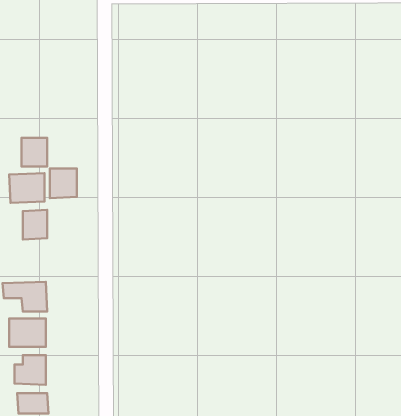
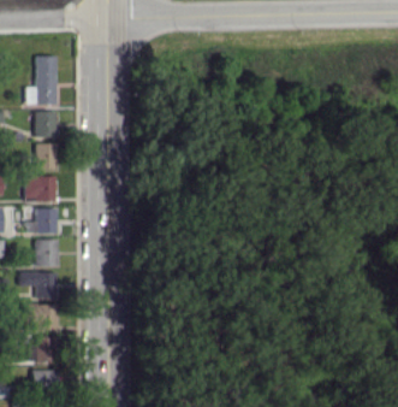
building: none -> [25,55,57,104]
building: [50,168,77,198] -> [35,111,59,137]
building: none -> [35,238,59,266]

